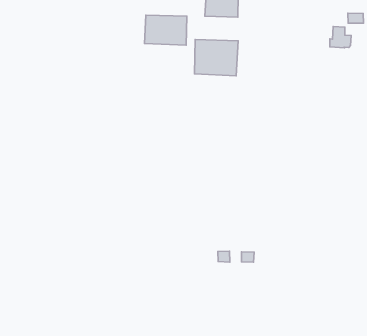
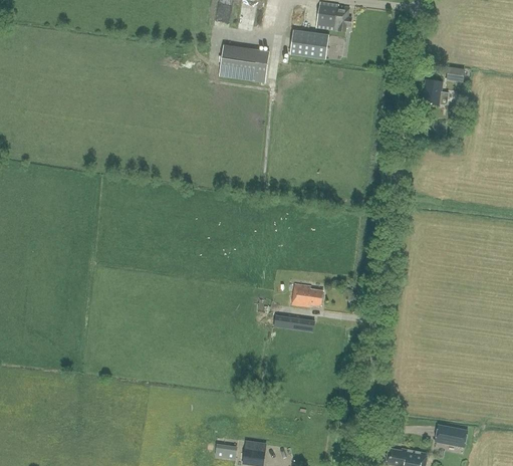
building: [194,40,238,76] -> none
building: none -> [292,284,323,306]

